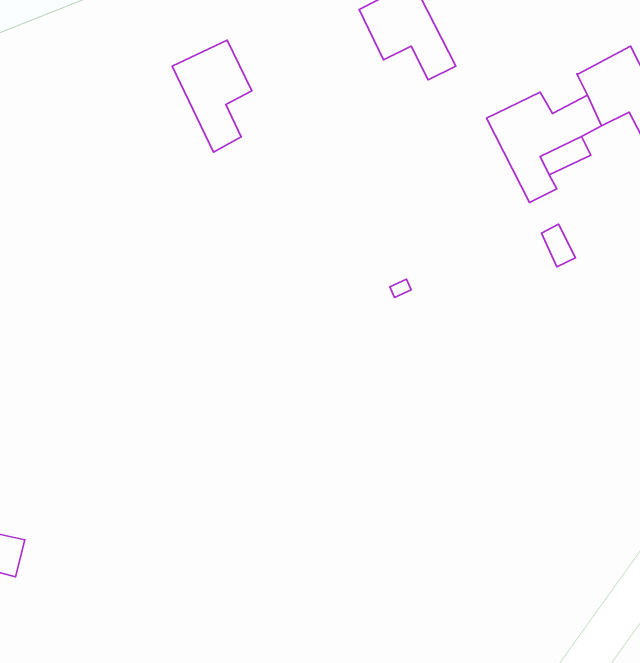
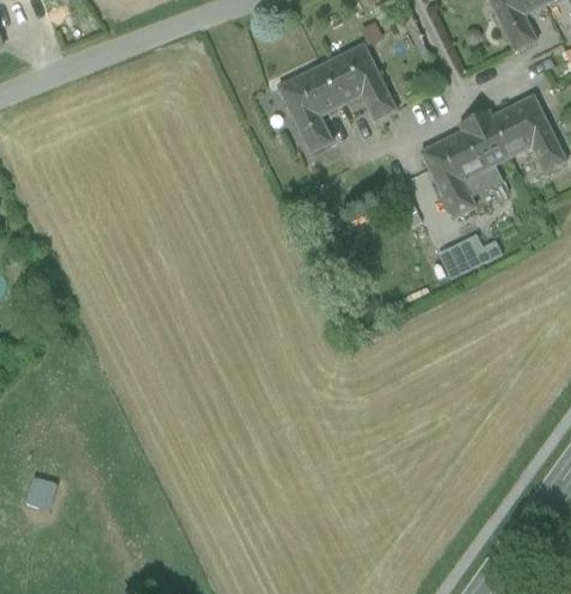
building: [172,40,252,152] -> [278,66,340,153]
building: none -> [459,109,499,147]
building: none -> [437,240,475,278]

